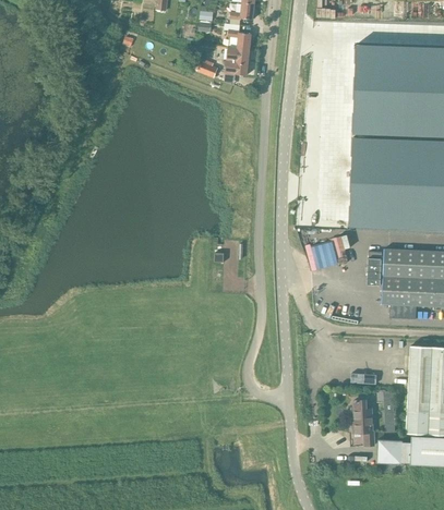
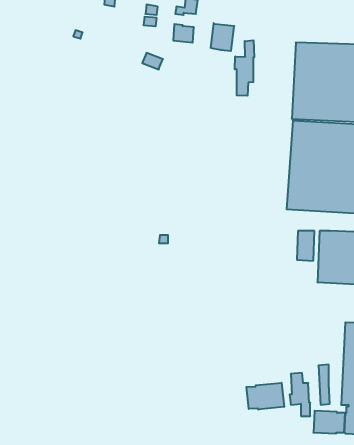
building: [224,46,249,75] -> [211,23,234,51]
building: none -> [235,40,254,96]
building: none -> [246,383,284,410]

